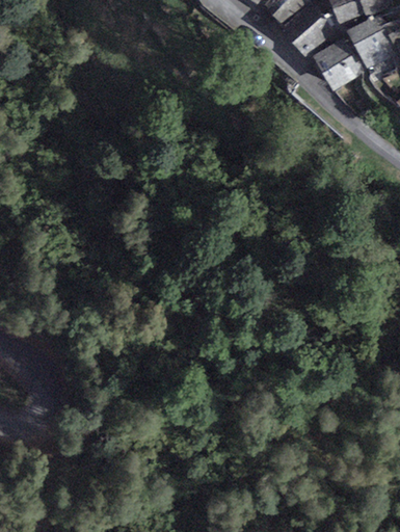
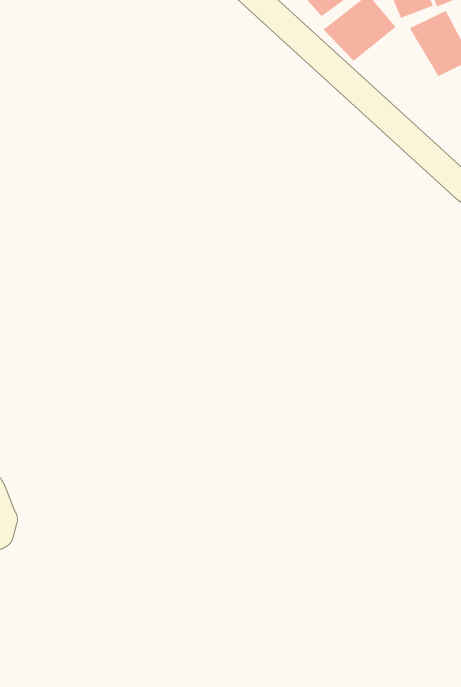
building: [314,35,367,89] -> none

